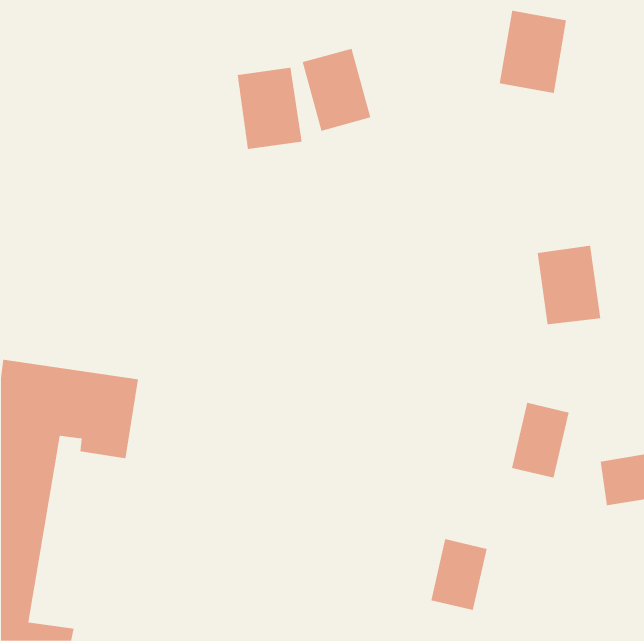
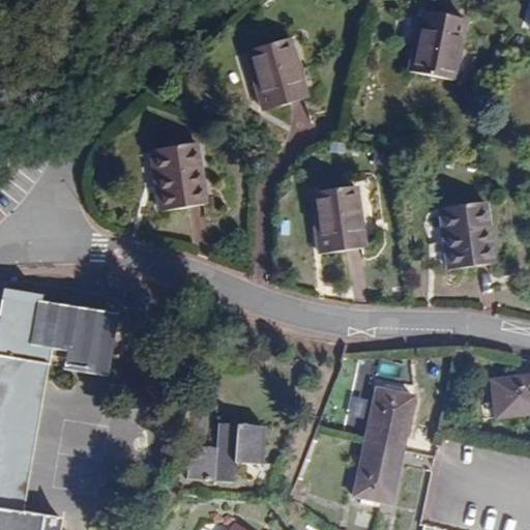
building: [237,67,303,149] -> [153,143,207,210]
building: none -> [314,185,362,252]
building: [511,402,569,478] -> [365,387,413,449]
building: none -> [185,423,265,482]

